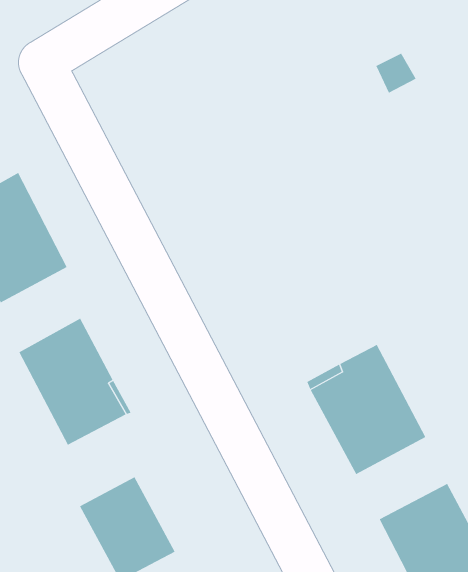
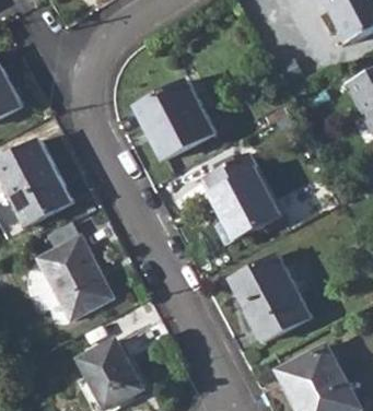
building: none -> [133,78,212,158]
building: none -> [200,153,280,246]

